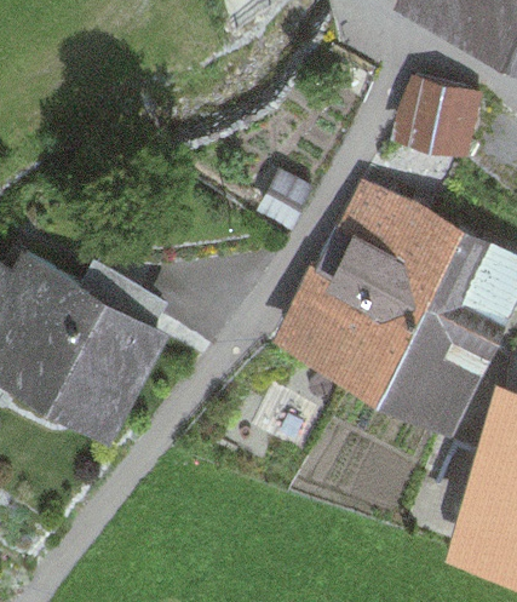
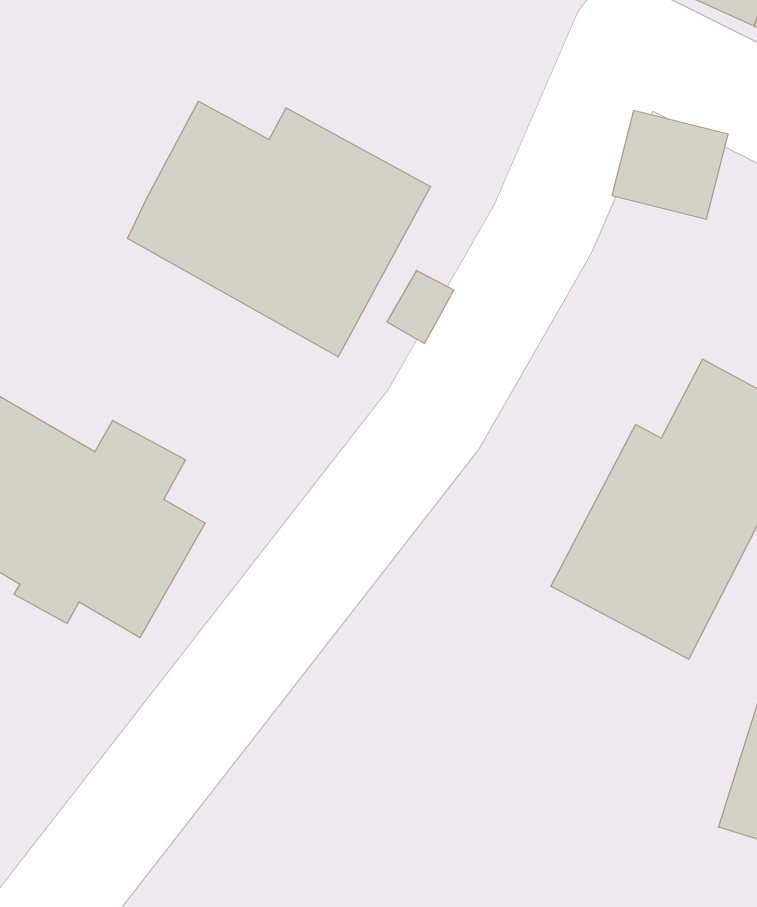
building: none -> [128,101,431,357]
building: [280,194,454,383] -> none

